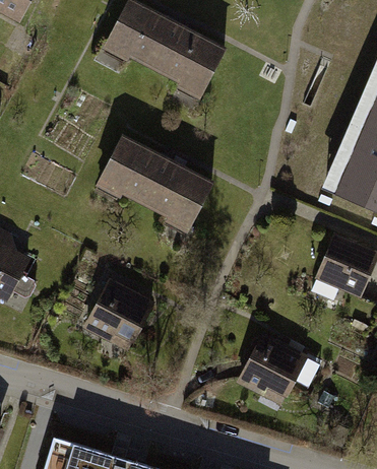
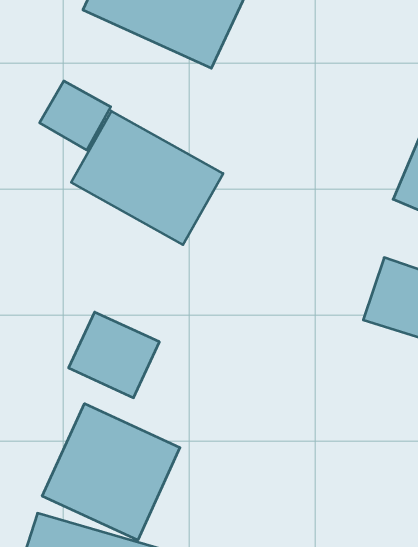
building: none -> [40,81,111,150]
building: [236,342,305,407] -> none
building: none -> [42,404,180,540]

